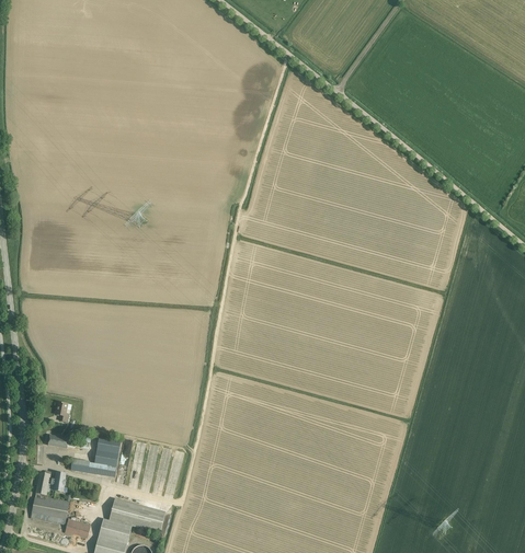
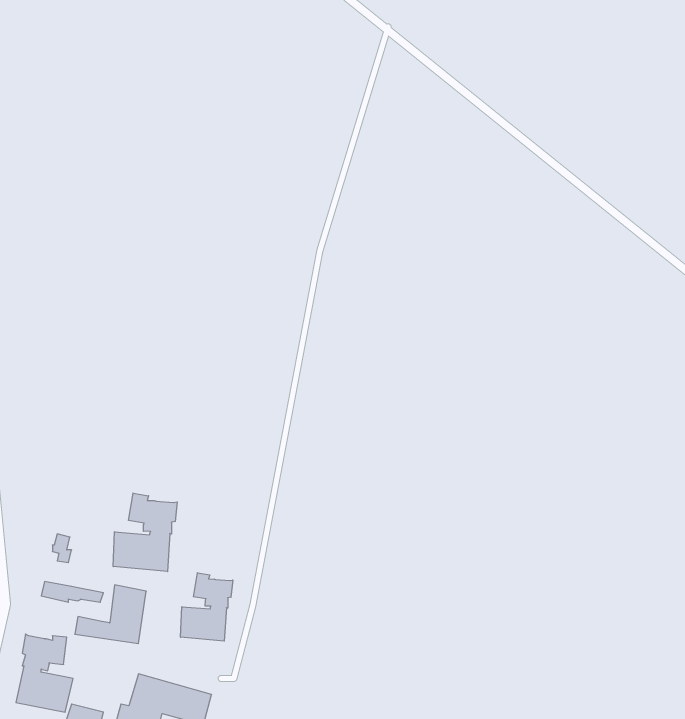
building: none -> [113,493,177,572]
building: none -> [181,573,233,641]

